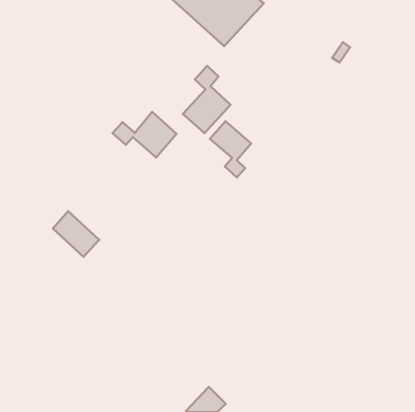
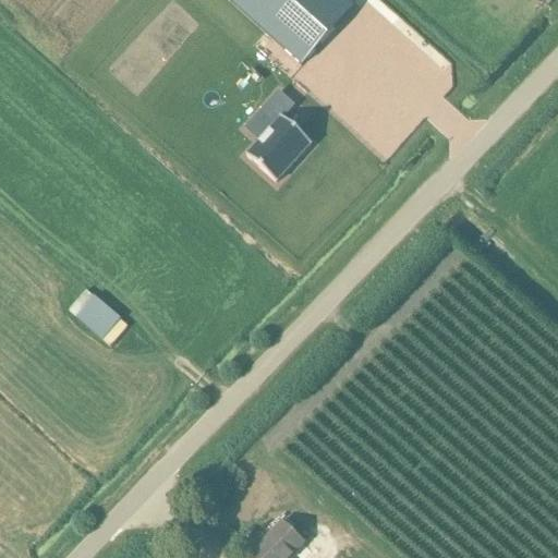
building: [113,112,177,158] -> none
building: [210,121,251,178] -> none

